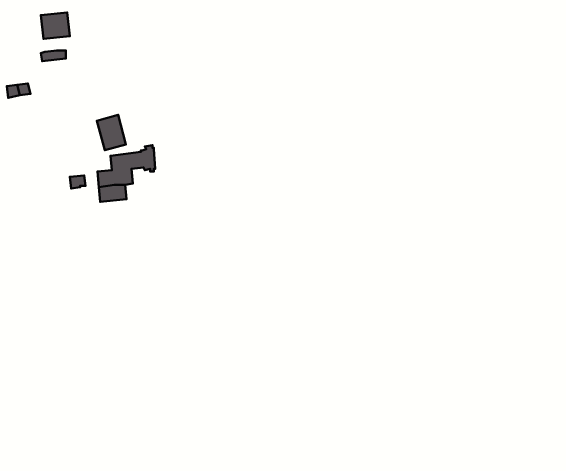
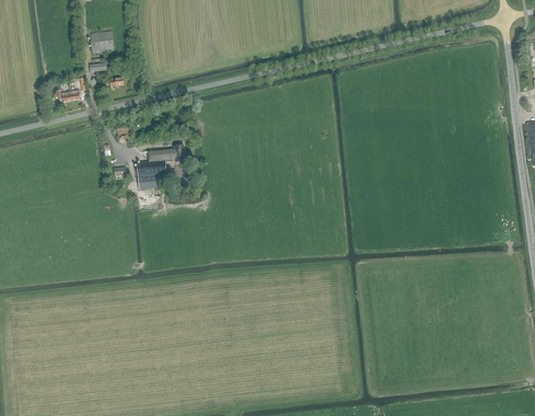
building: [97,115,126,150] -> none

